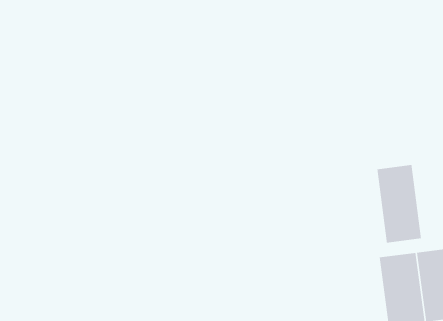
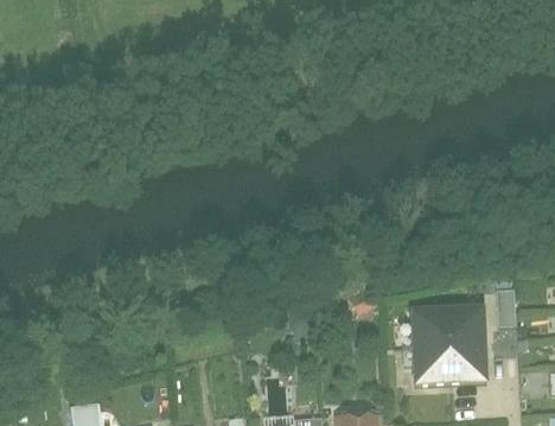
building: [377,164,422,244] -> none

